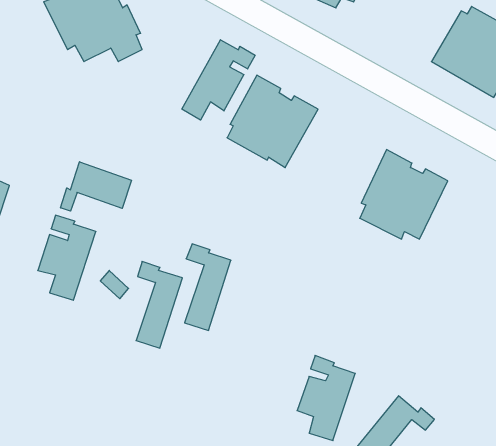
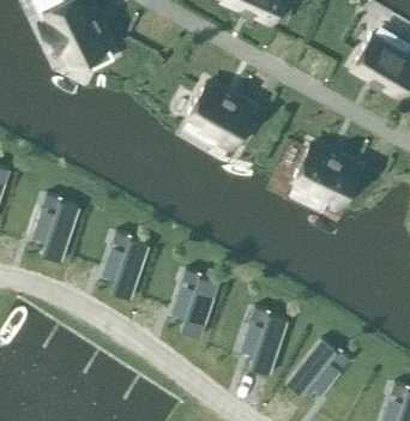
building: [182,40,255,120] -> none
building: [61,162,131,211] -> none
building: [185,244,231,330] -> [181,267,218,337]

